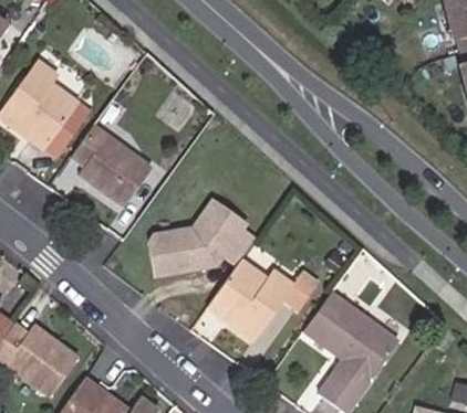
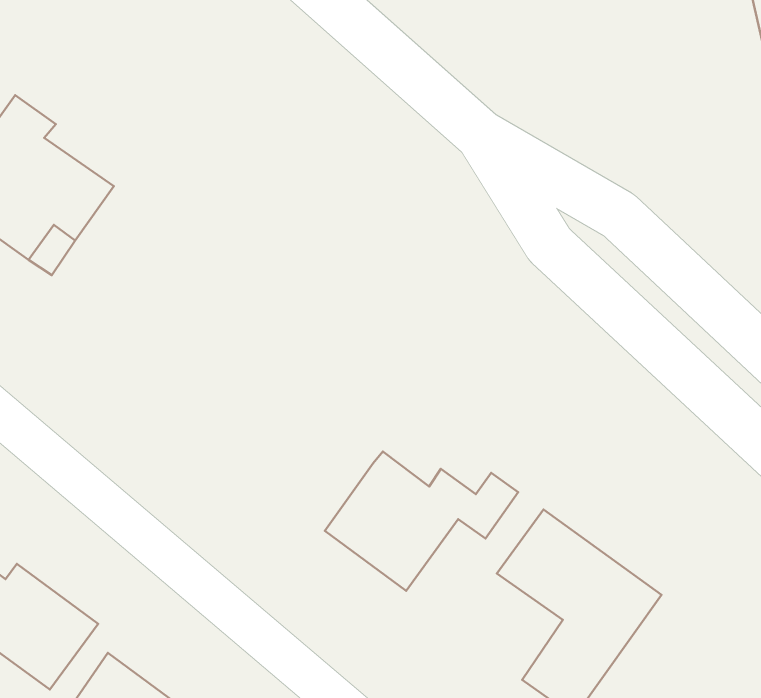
building: [61,124,149,205] -> none
building: [148,203,253,277] -> none

